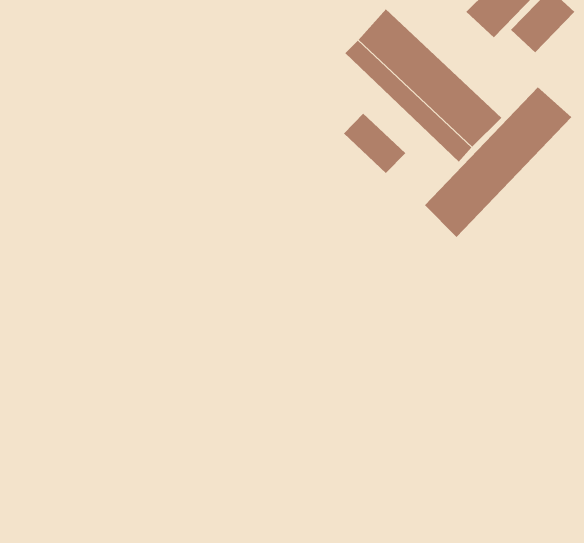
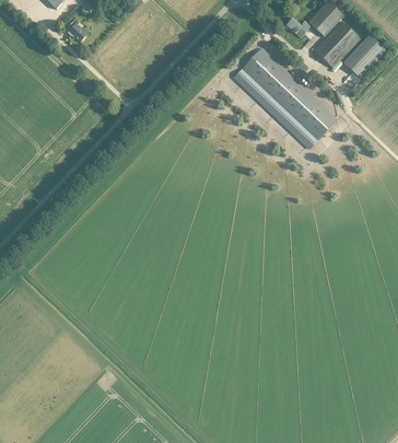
building: [424,86,572,238] -> none
building: [343,113,406,174] -> none

